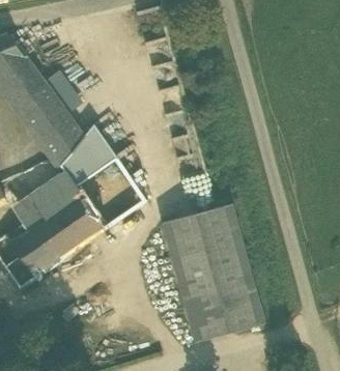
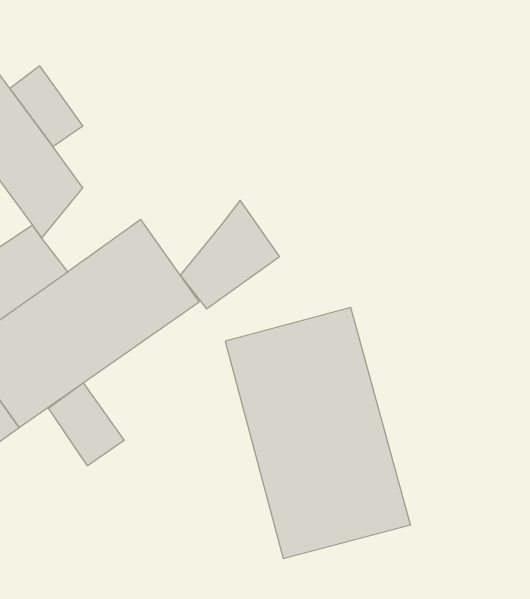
building: [59,123,114,183] -> [180,200,279,309]
building: none -> [48,383,124,466]

